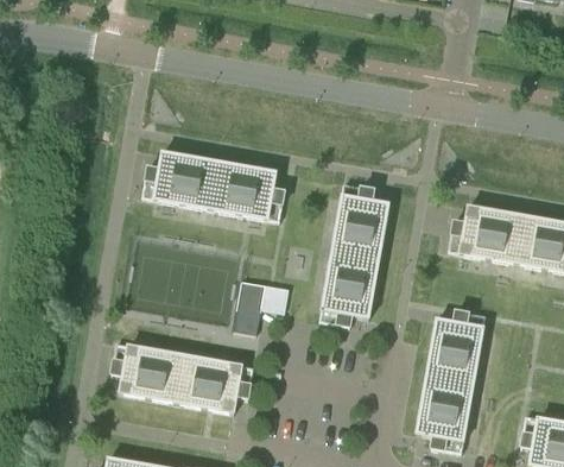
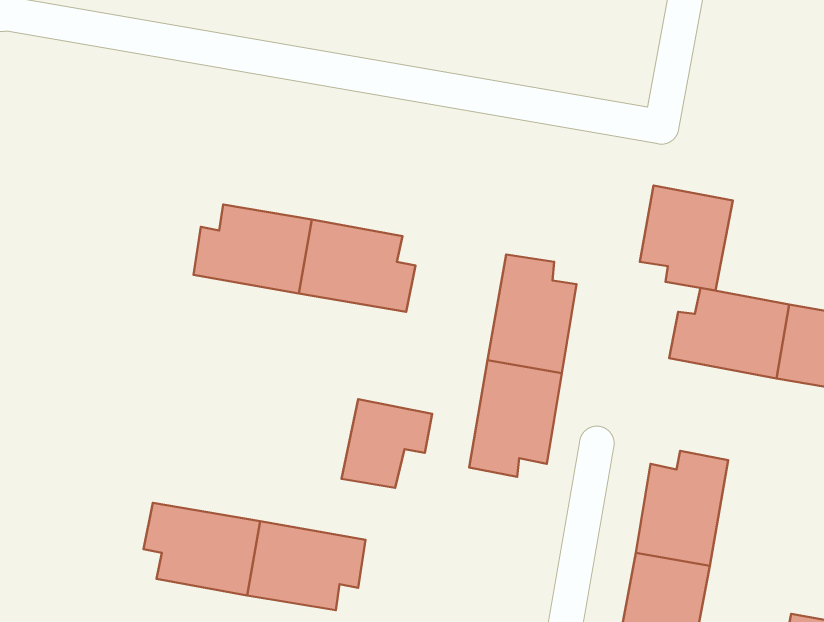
building: none -> [640,185,733,290]

